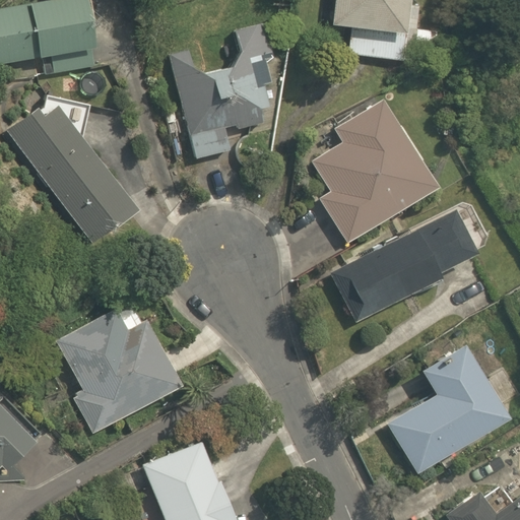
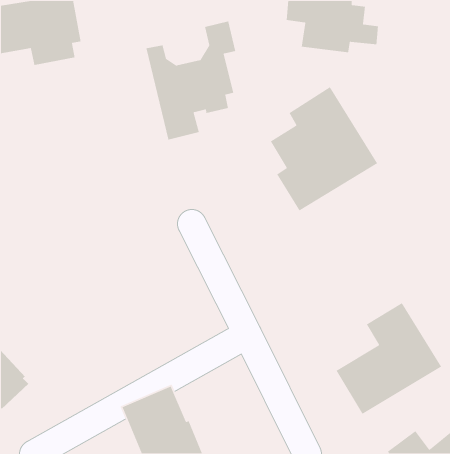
building: [9,96,136,242] -> none
building: [332,210,476,322] -> none
building: [58,310,182,434] -> none

